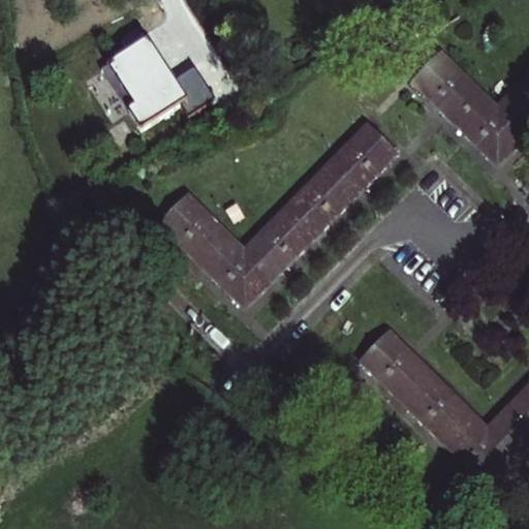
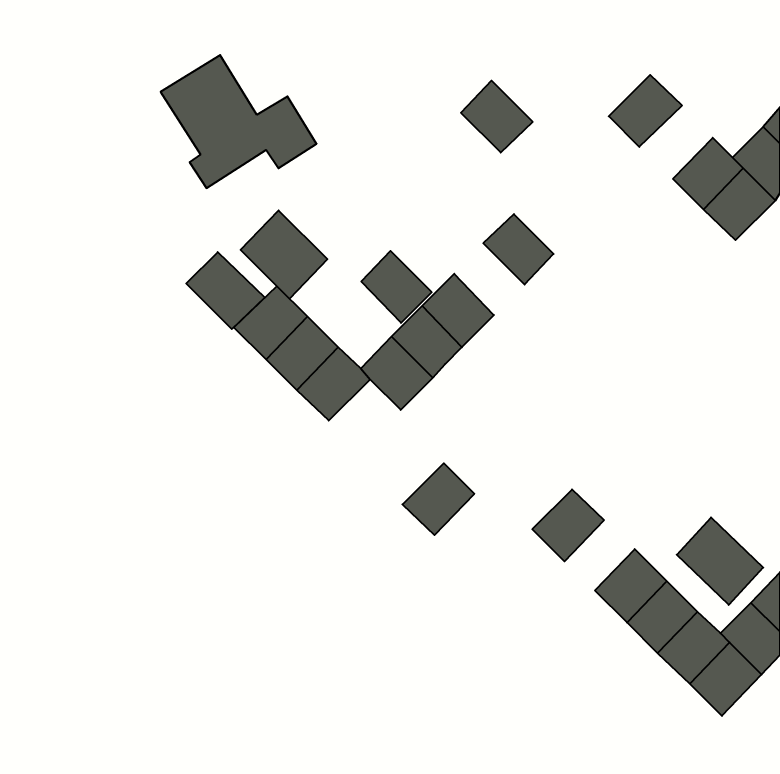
building: [432,71,481,121] -> none
building: [347,123,396,172] -> [461,81,533,153]
building: none -> [241,210,327,299]
building: [307,164,354,213] -> [361,251,432,323]
building: none -> [186,252,265,329]
building: [222,256,271,305] -> [402,463,474,535]
building: none -> [677,517,763,605]
building: [381,351,429,399] -> none

